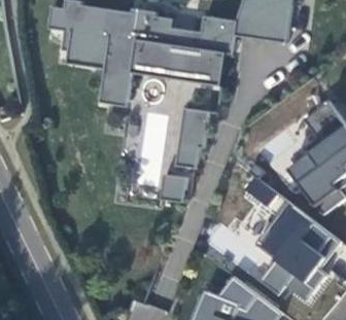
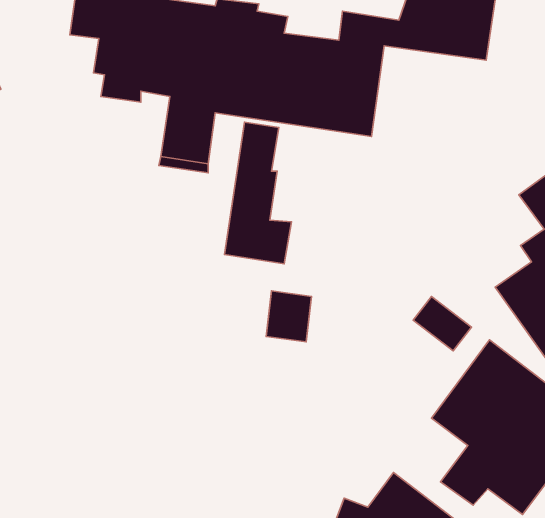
building: [179,110,208,168] -> none

